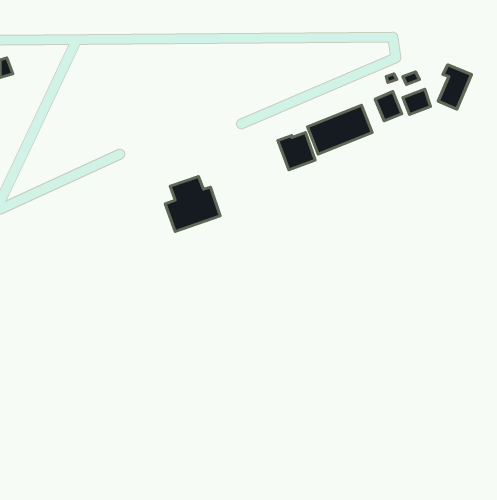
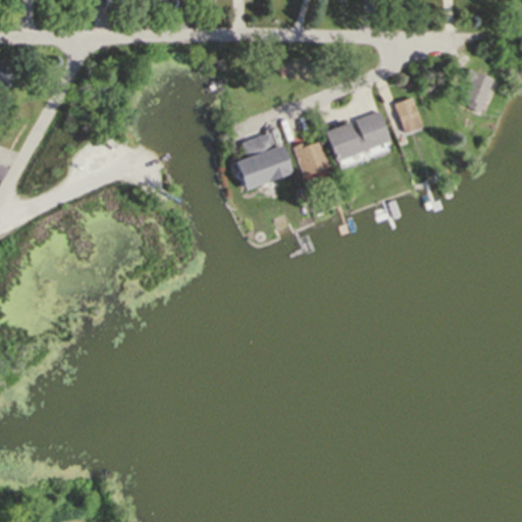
building: [403,89,431,114] -> none
building: [165,176,220,231] -> [237,134,294,191]

